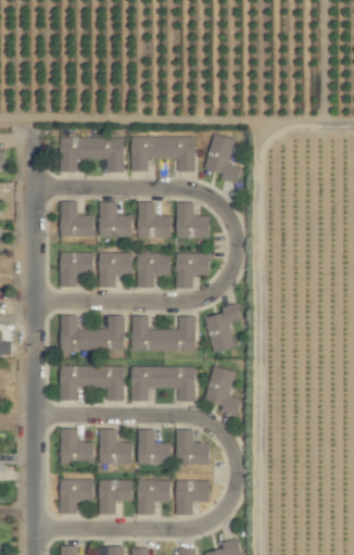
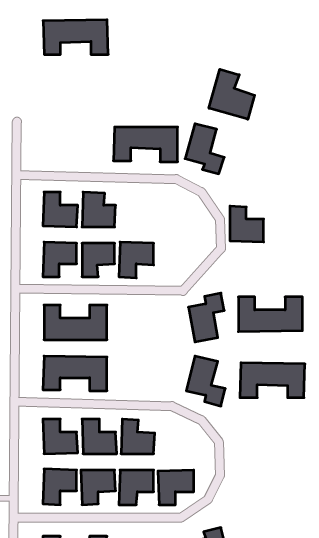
building: none -> [209,69,255,119]
building: [59,137,124,172] -> [43,20,108,54]
building: [137,202,172,237] -> none
building: [177,202,211,238] -> [230,206,264,242]
building: [175,253,211,288] -> none
building: [131,316,195,351] -> [238,297,302,332]
building: [130,366,195,401] -> [240,363,305,398]
building: [177,430,211,465] -> none

